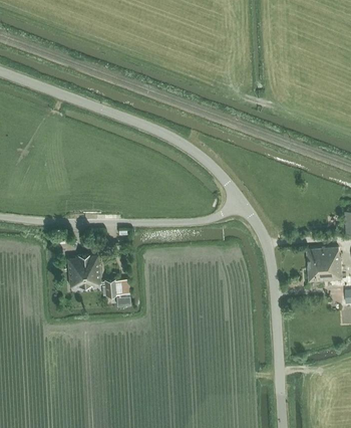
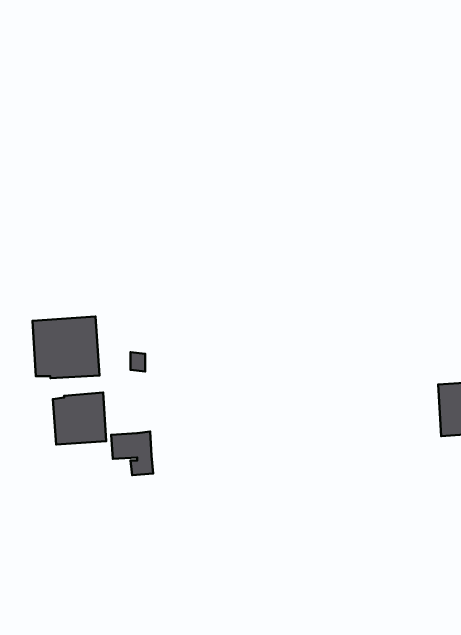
building: none -> [32,316,99,378]

